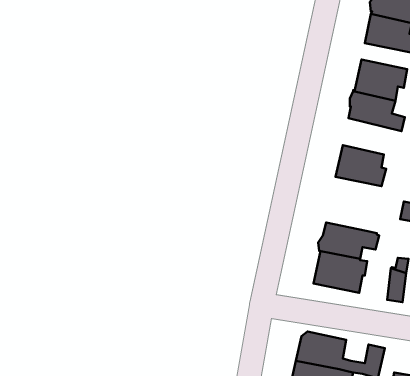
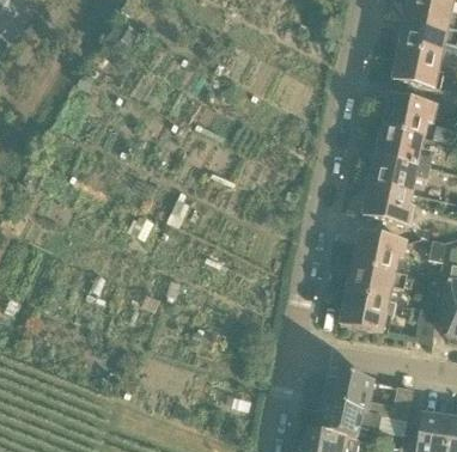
building: none -> [370,154,431,191]
building: none -> [354,231,408,271]

